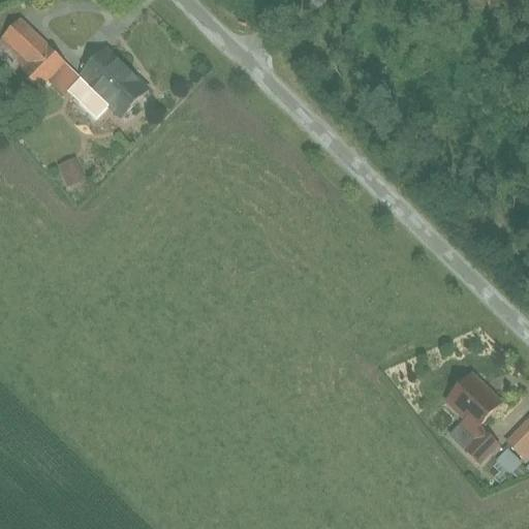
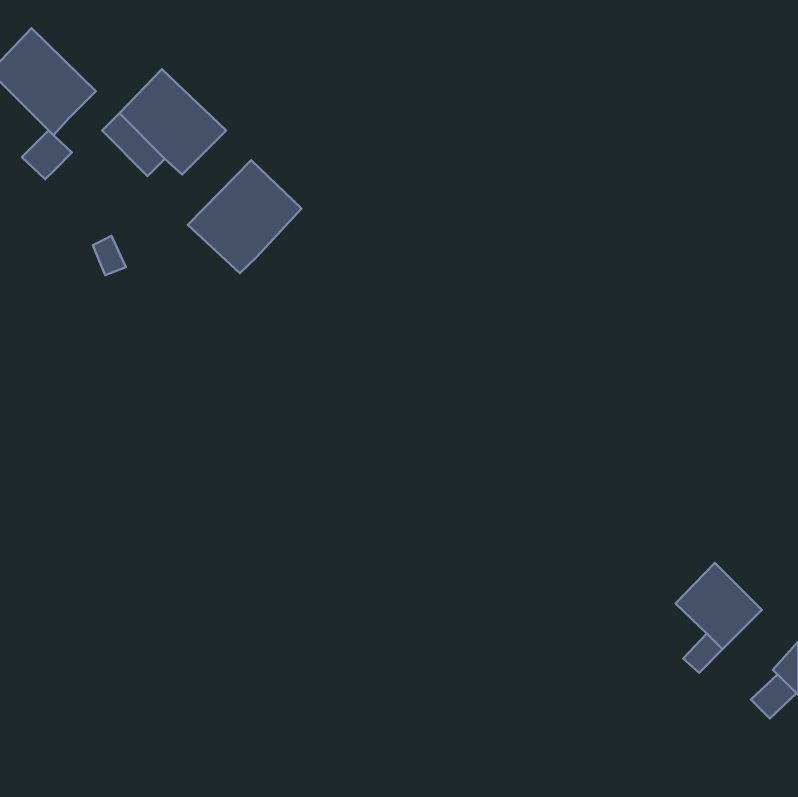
building: [45,60,79,92] -> [22,131,72,179]
building: none -> [188,160,301,273]
building: [466,428,500,462] -> none

